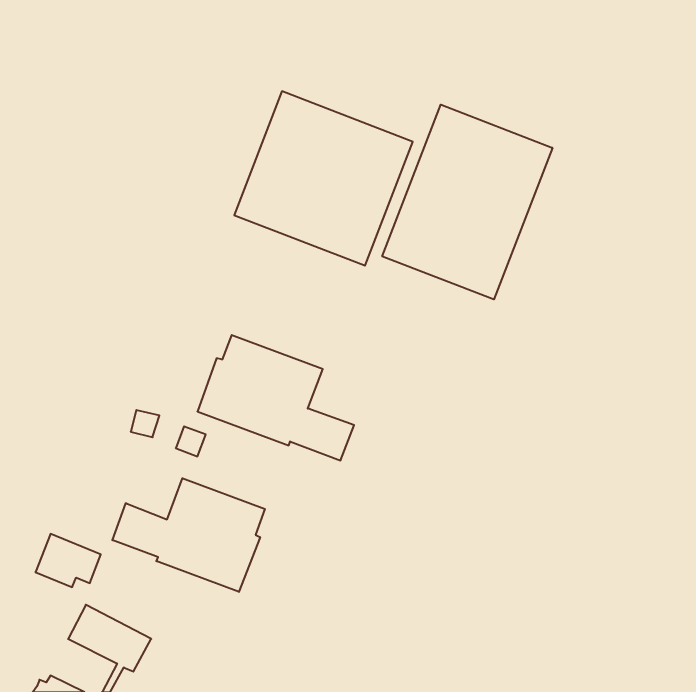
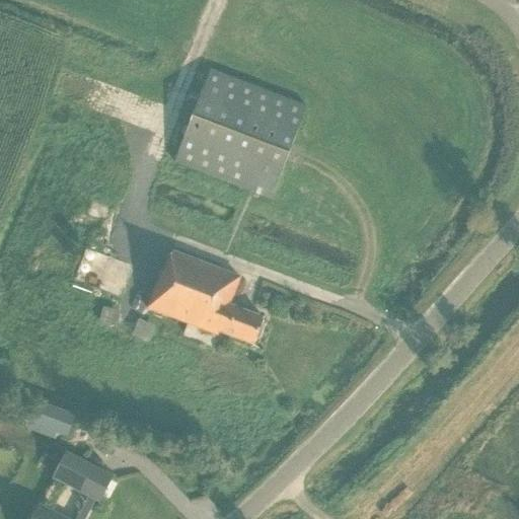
building: [382,105,552,299] -> none
building: [112,478,265,592] -> none

